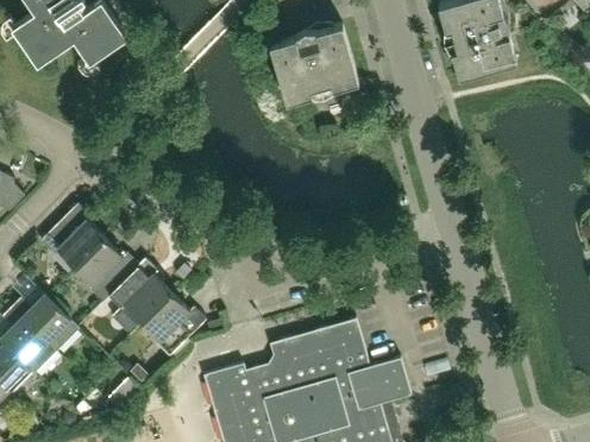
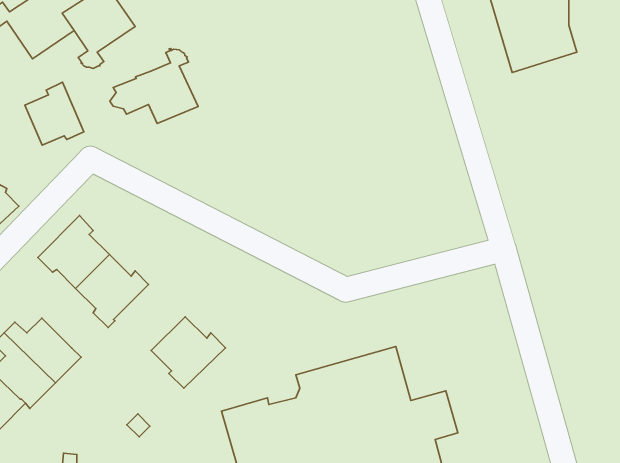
building: [269,24,357,101] -> none
building: none -> [110,49,198,123]
building: none -> [25,82,84,145]
building: [107,258,170,322] -> none

